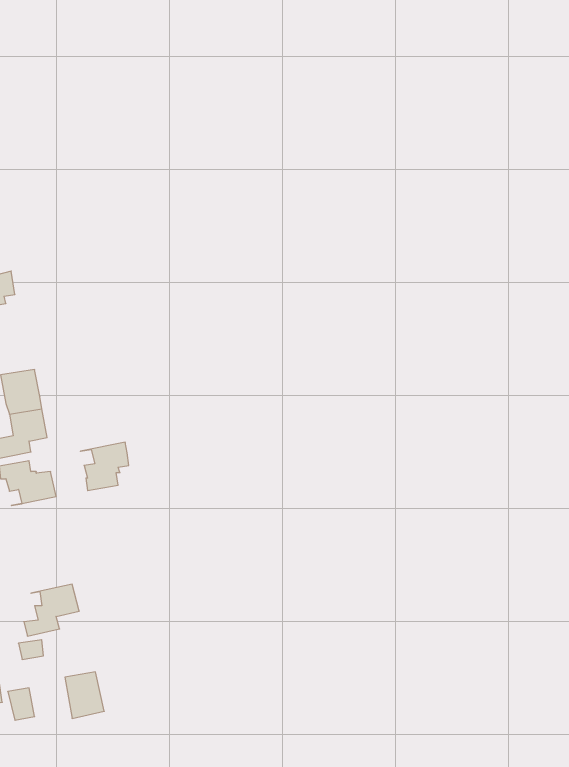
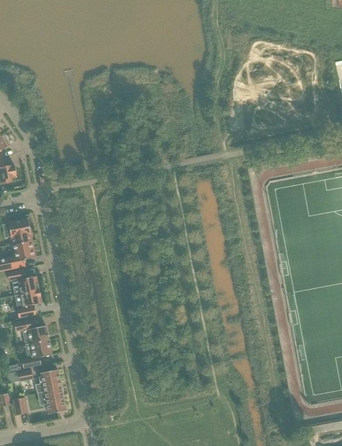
building: [80,442,129,491] -> [13,290,40,317]
building: none -> [13,318,47,344]
building: none -> [34,369,60,393]

